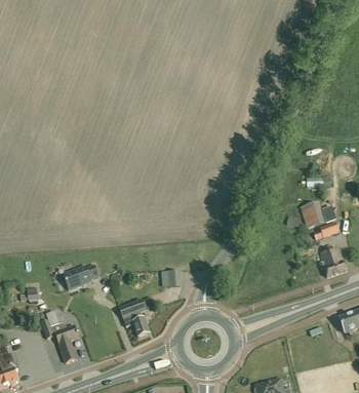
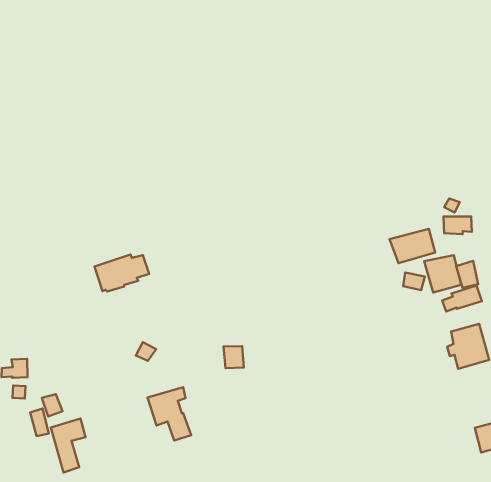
building: none -> [389,229,435,263]
building: [63,265,99,290] -> [95,255,149,292]

